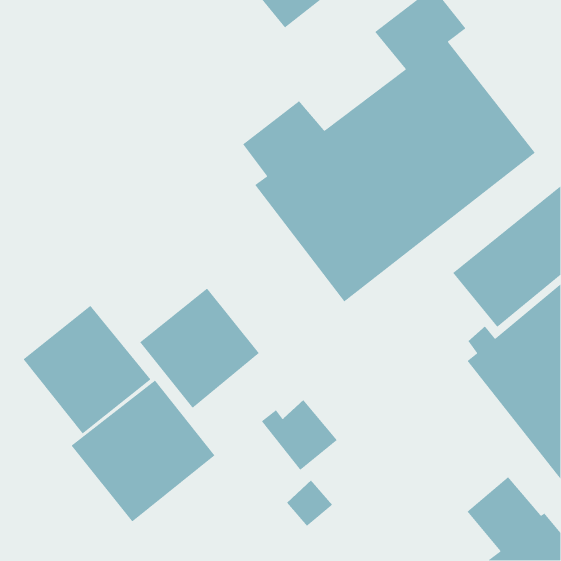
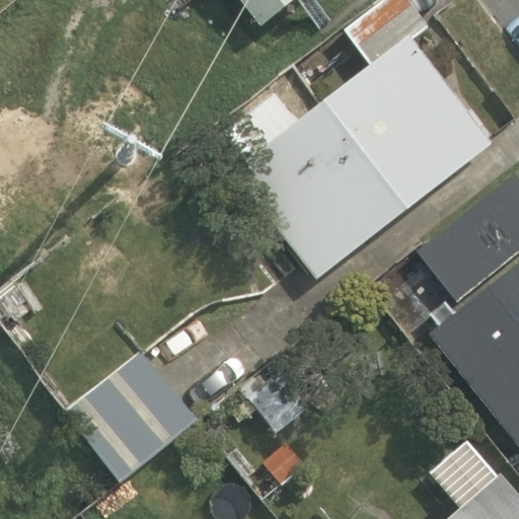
building: [139,288,260,409] -> none
building: [23,305,152,435] -> none

